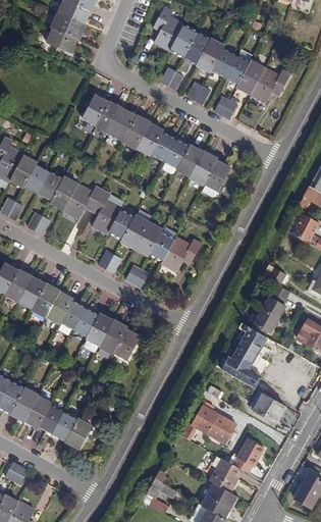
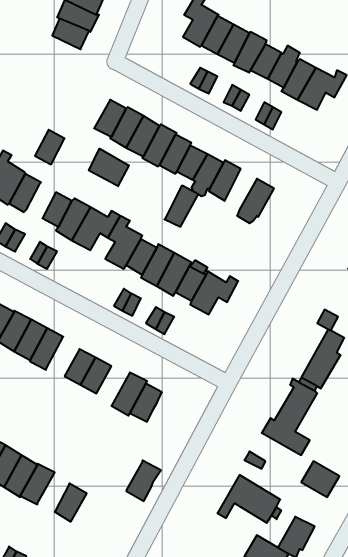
building: none -> [89,149,129,186]
building: [189,151,217,185] -> [164,186,199,227]
building: [25,163,50,192] -> [35,130,65,164]
building: [42,290,70,323] -> none
building: [81,312,111,352] -> none
building: [35,404,61,434] -> none
building: [62,418,91,452] -> [126,460,161,501]

